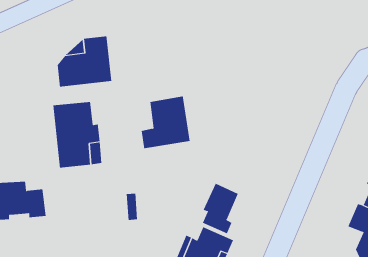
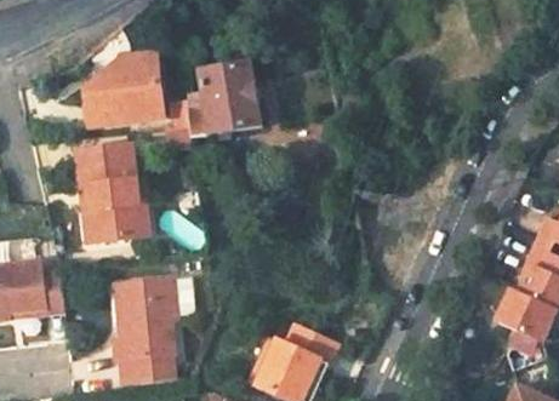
building: [141,96,190,149] -> [187,61,257,136]
building: [202,183,238,234] -> none
building: none -> [119,280,175,360]

